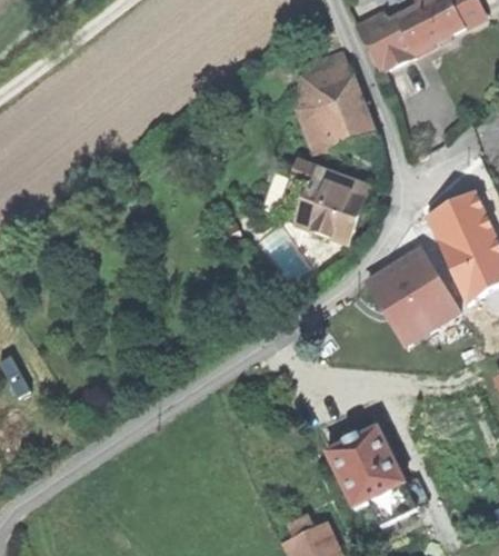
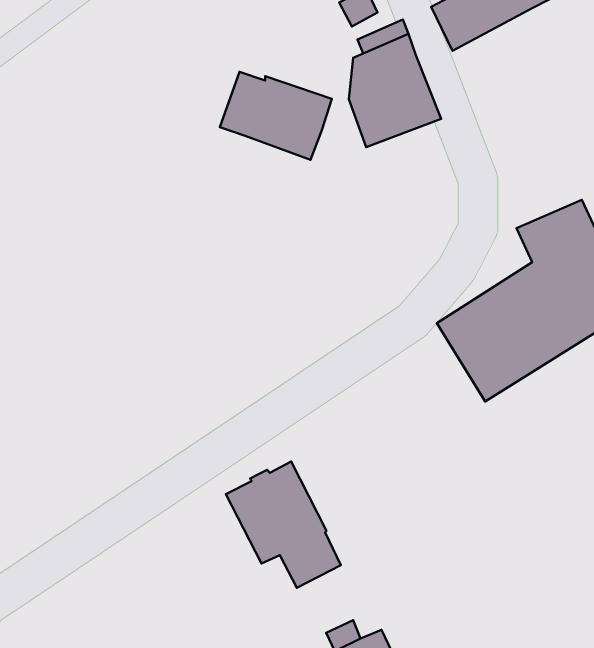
building: [278,169,366,238] -> [220,72,332,160]
building: [326,427,416,526] -> [226,461,341,588]

